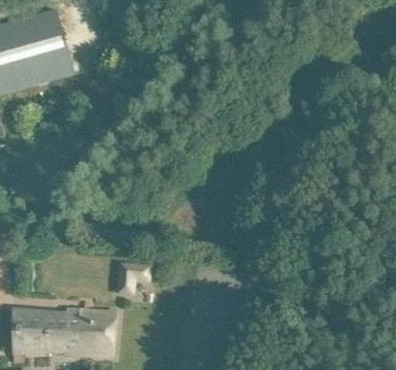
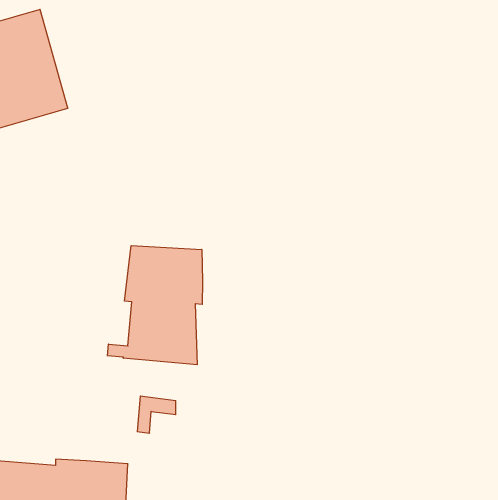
building: none -> [107,246,203,365]

